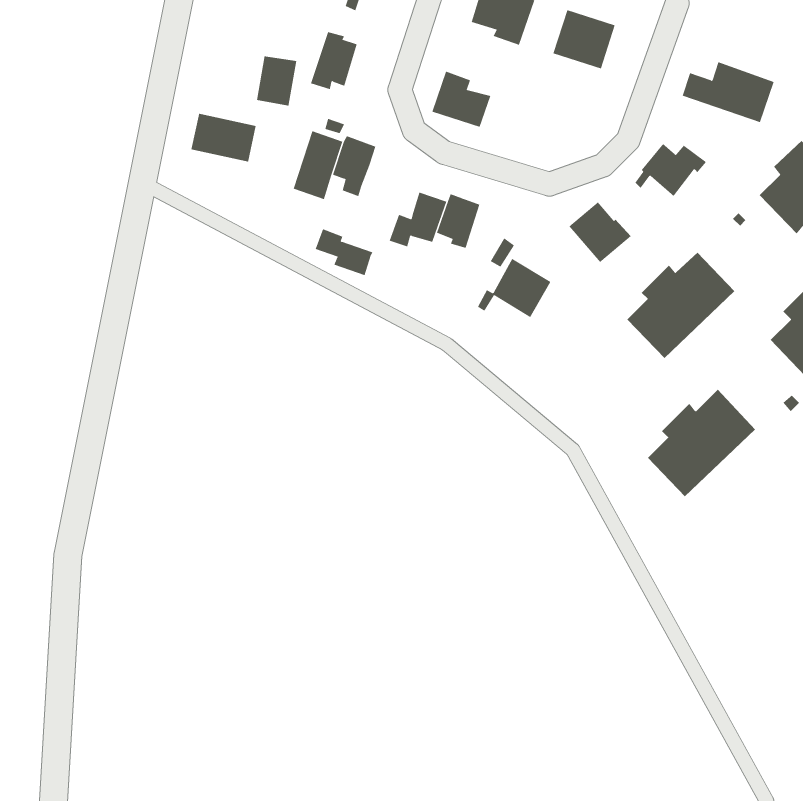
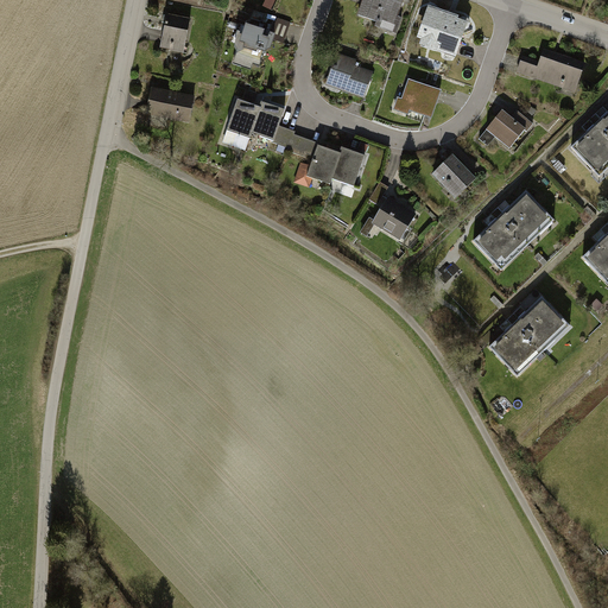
building: [256,56,297,106] -> [160,14,191,52]
building: none -> [391,76,441,116]
building: [315,229,373,276] -> [274,125,318,160]

